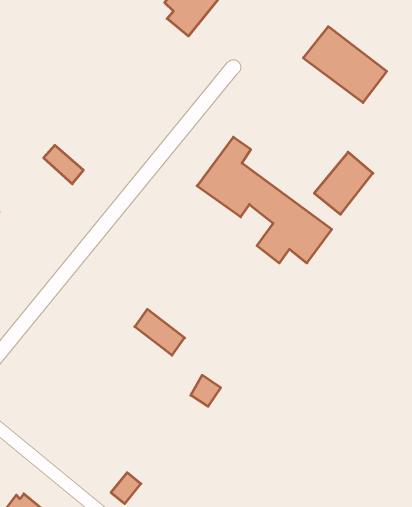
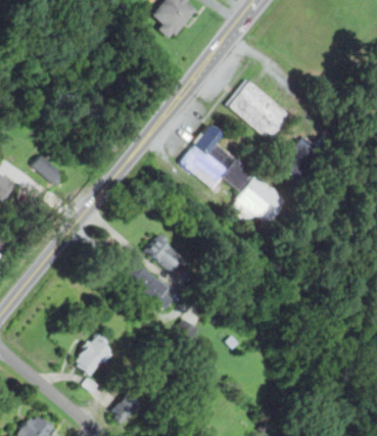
building: [303,27,387,103] -> [225,79,293,141]
building: [44,145,83,184] -> [32,154,64,186]
building: none -> [143,238,185,276]
building: none -> [75,335,112,377]

